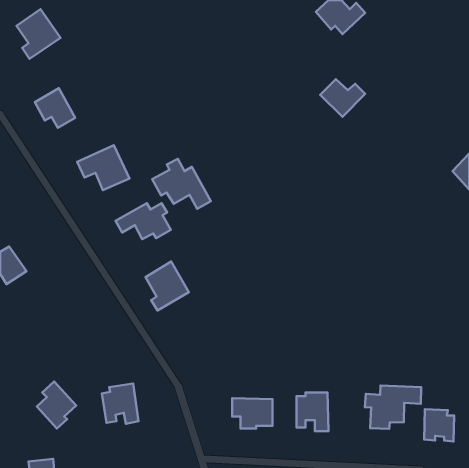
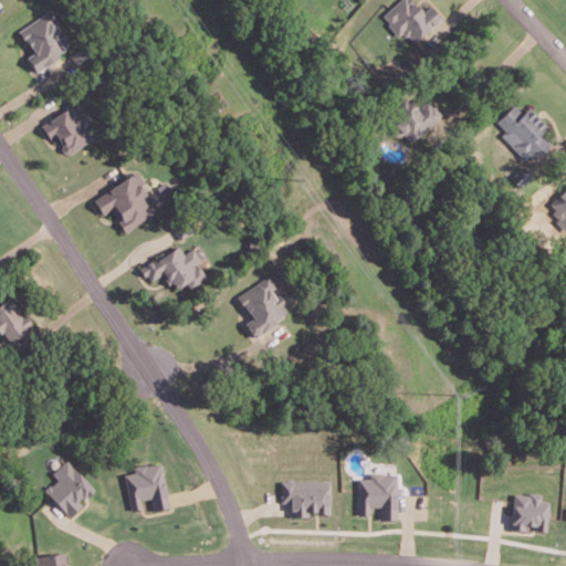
building: none -> [497,107,551,164]
building: [152,159,211,209] -> none
building: [146,262,189,310] -> [238,279,290,337]
building: [365,386,421,429] -> none

